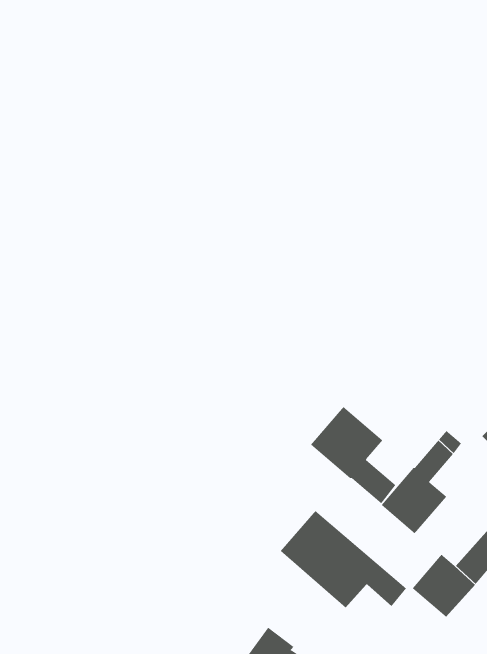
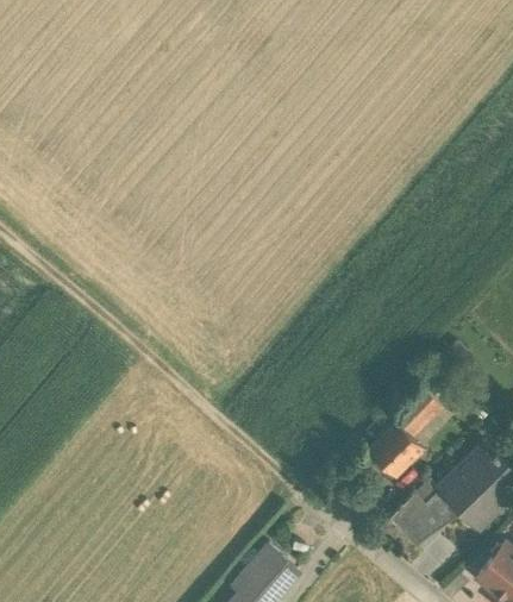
building: [310,406,396,504] -> none
building: [280,510,407,609] -> none

